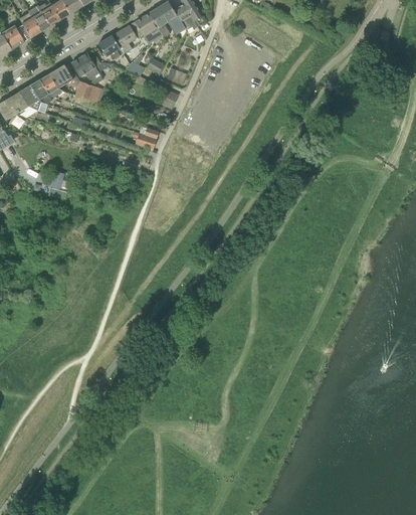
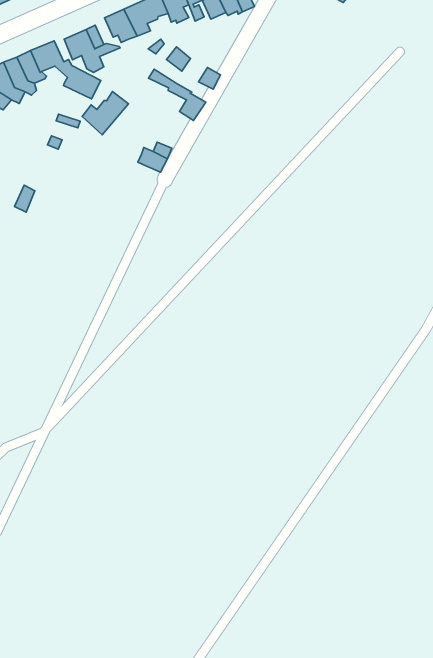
building: none -> [82,92,129,135]

